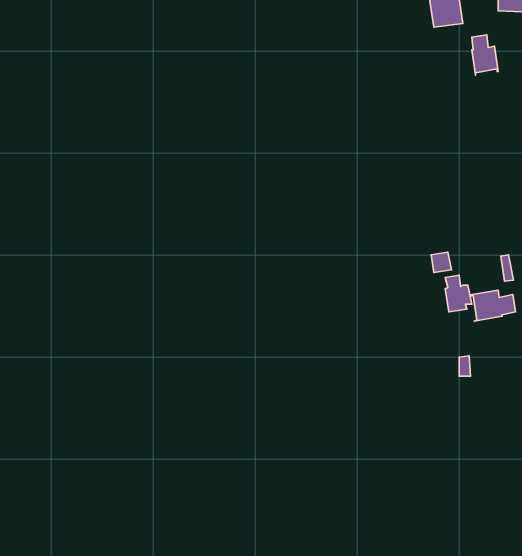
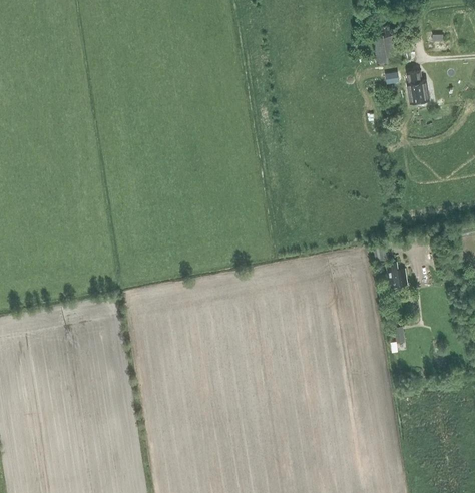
building: [470,290,516,321] -> none

